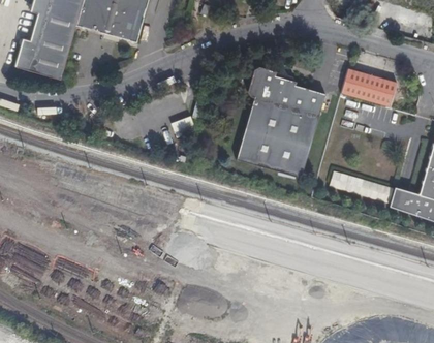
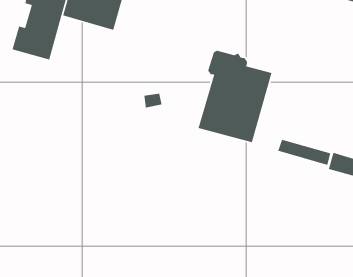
building: [341,68,397,106] -> none

